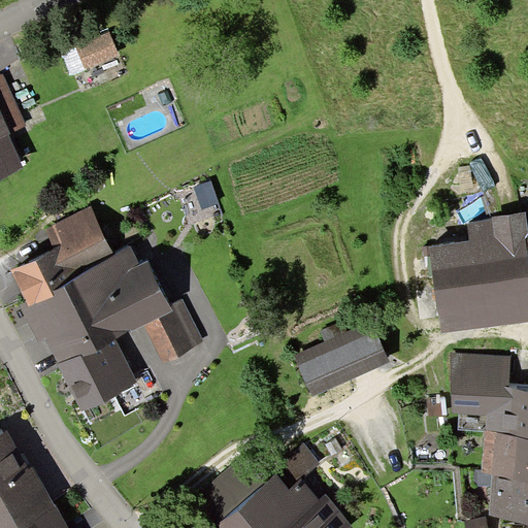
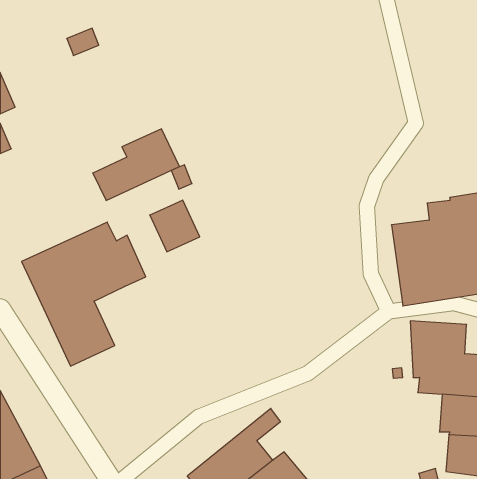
building: [13,210,108,289] -> [93,129,179,200]
building: [141,299,196,356] -> [150,200,200,252]
building: [296,318,381,386] -> none

